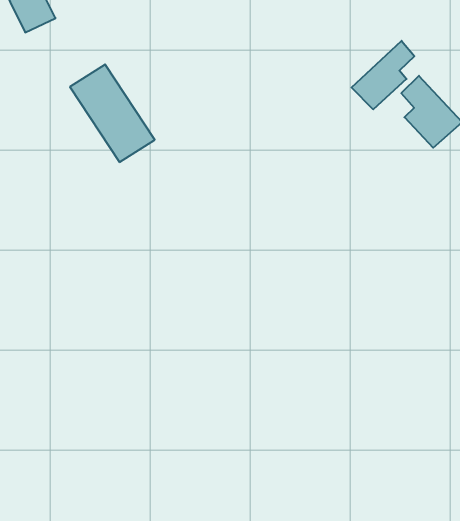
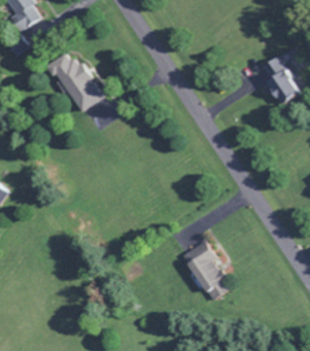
building: [352,41,414,109] -> none
building: none -> [187,248,232,302]

